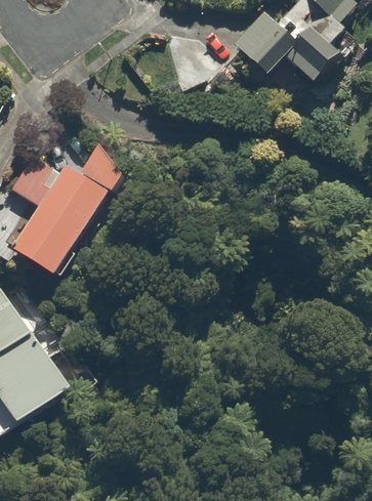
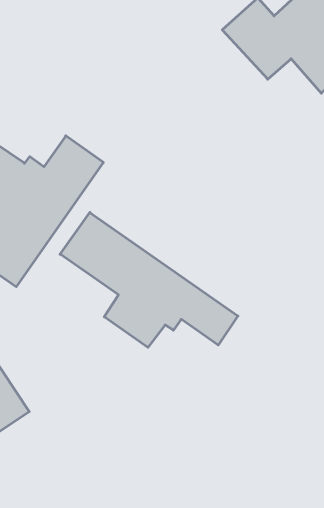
building: none -> [60,212,238,347]

